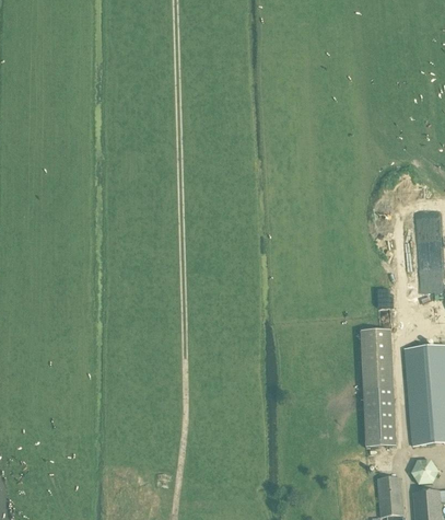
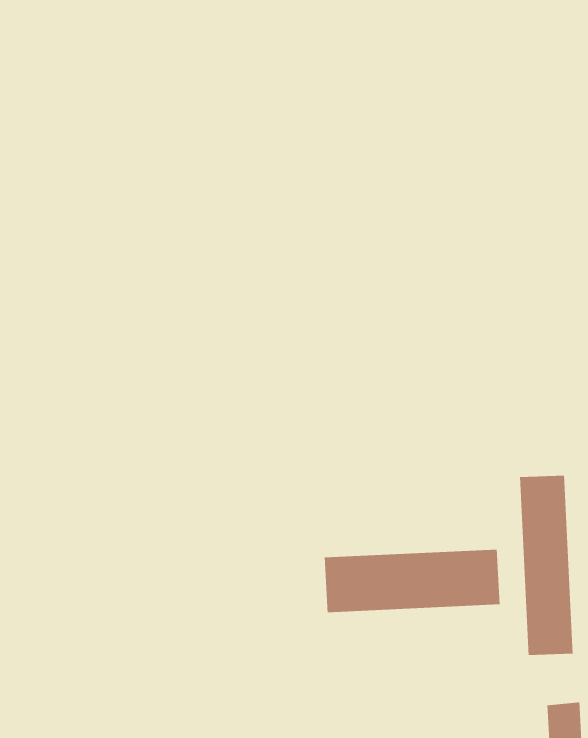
building: none -> [324,549,500,613]

